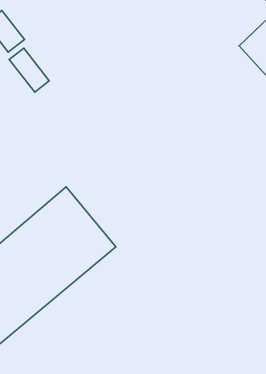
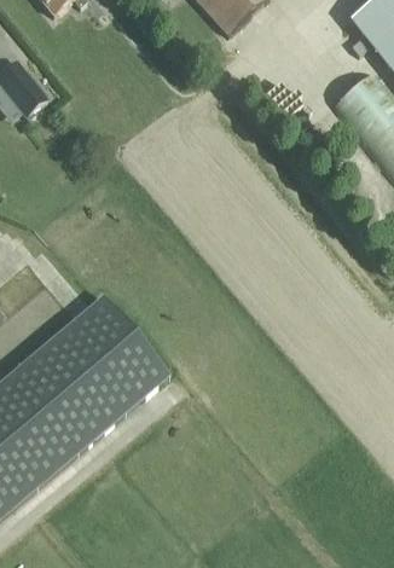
building: [9,48,49,92] -> none

